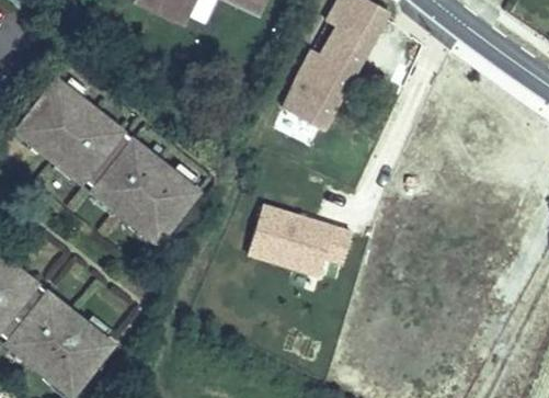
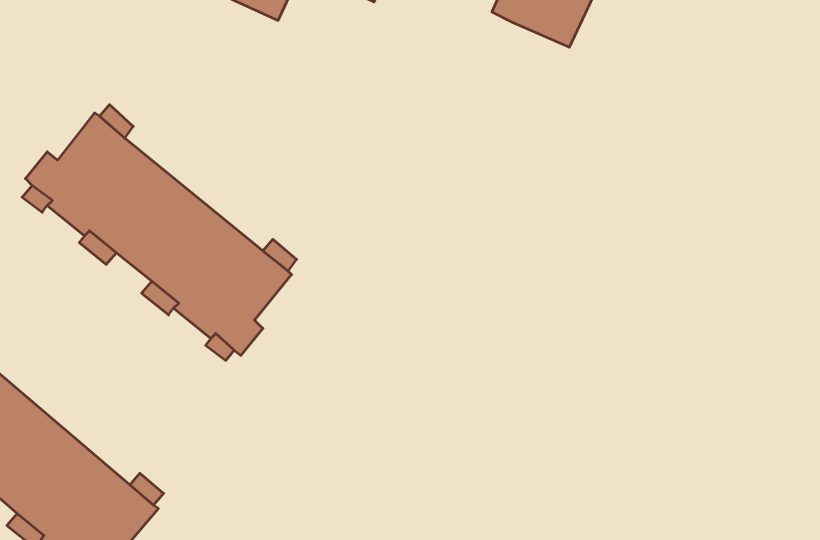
building: [278,26,375,130] -> none
building: [240,200,350,273] -> none

